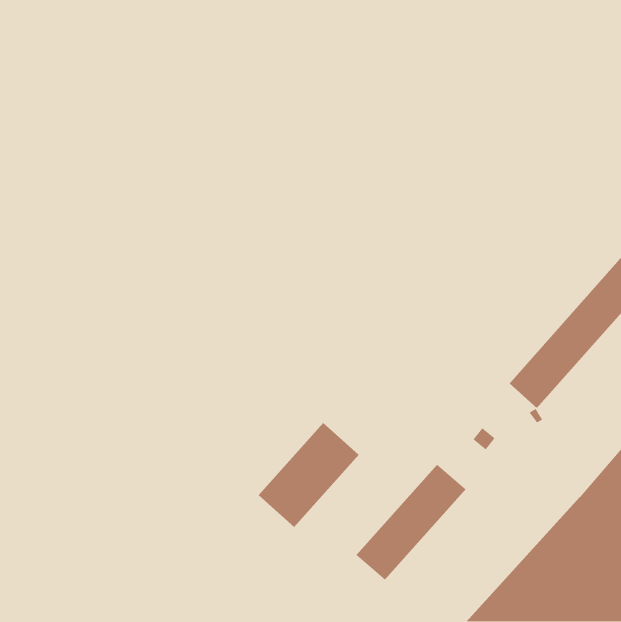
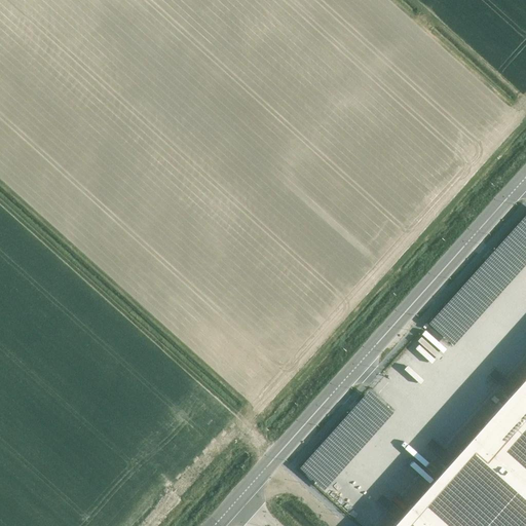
building: [258,422,359,528] -> none

